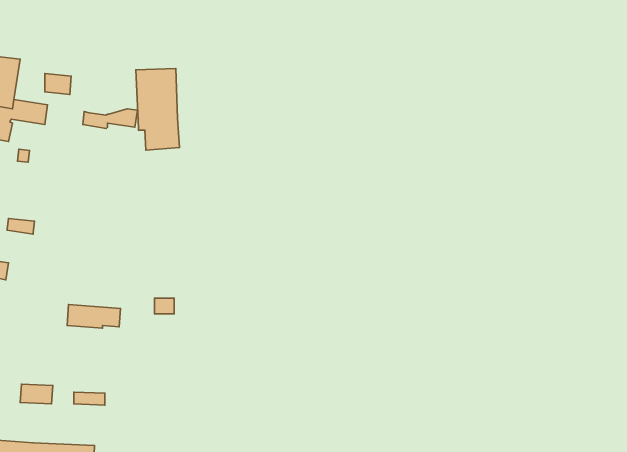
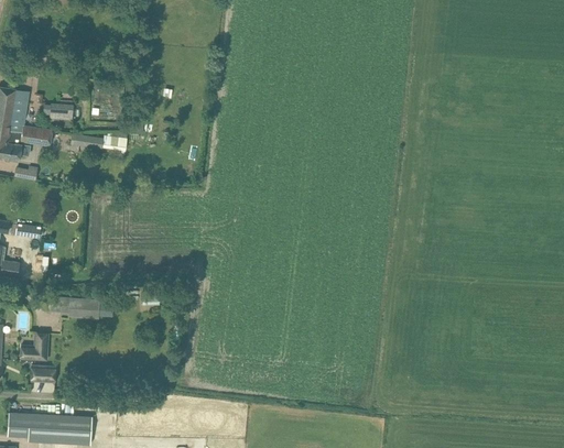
building: [136,69,180,150] -> none
building: none -> [19,332,47,359]

